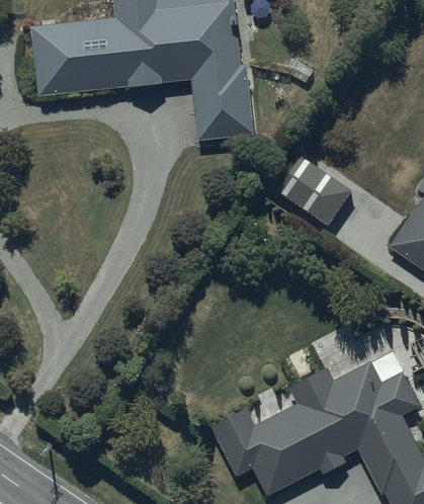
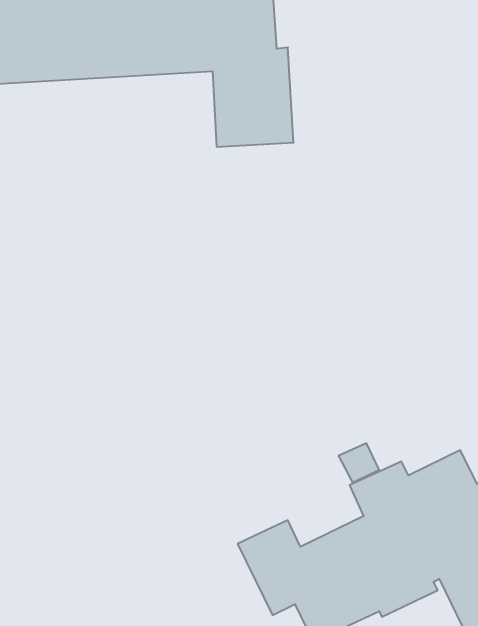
building: [279,161,352,229] -> none

